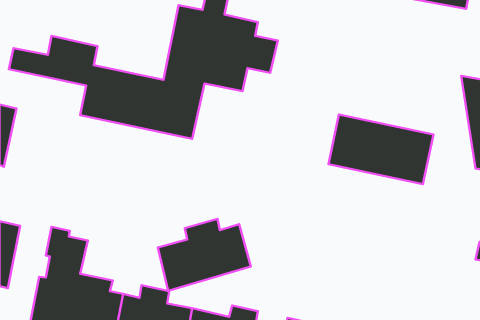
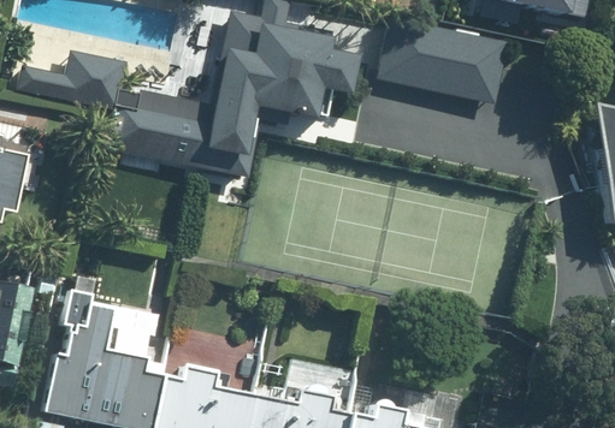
building: [328,114,433,184] -> [379,17,511,105]
building: [158,219,251,291] -> none

